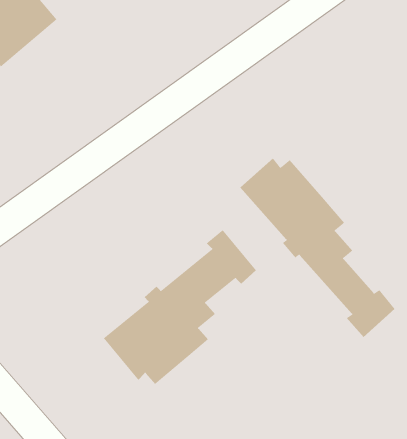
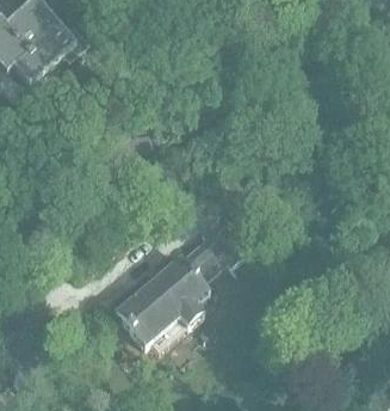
building: [239,157,396,338] -> none

